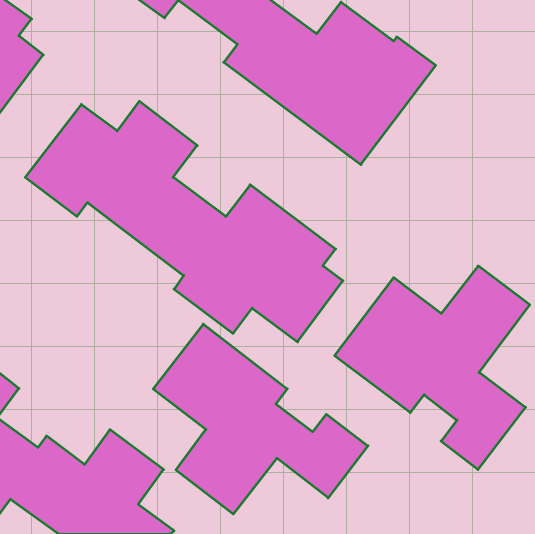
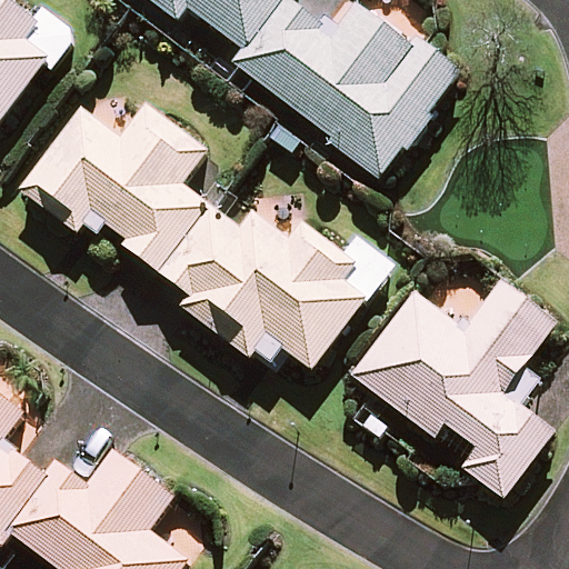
building: [153,324,368,514] -> none

